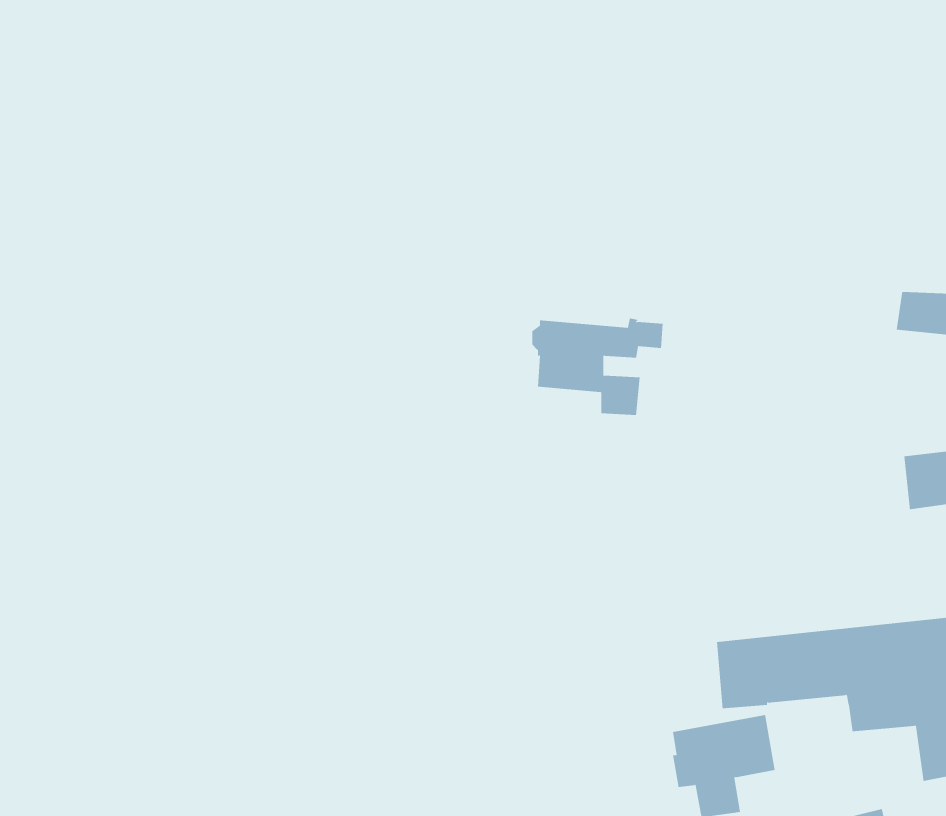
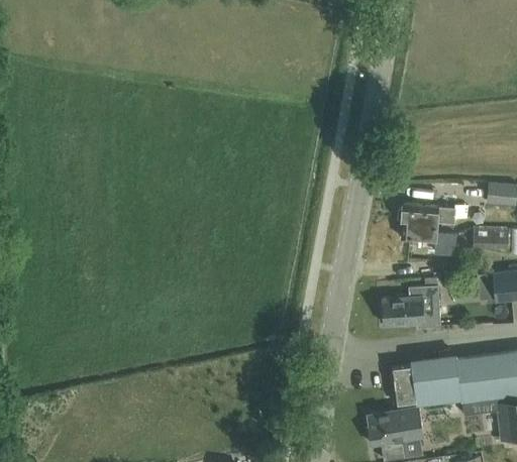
building: [532,318,664,415] -> [399,203,469,254]
building: none -> [473,228,508,250]
building: none -> [383,286,440,328]

